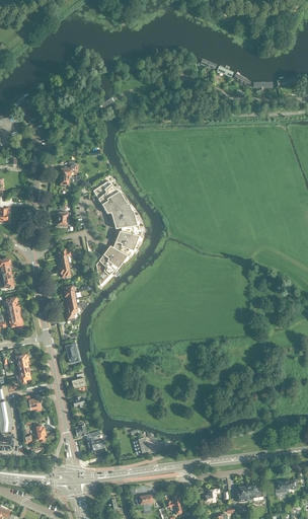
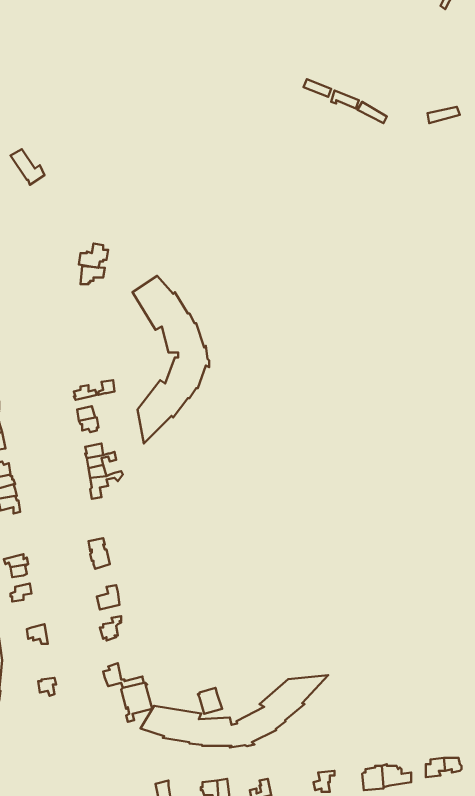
building: none -> [141,675,328,747]

